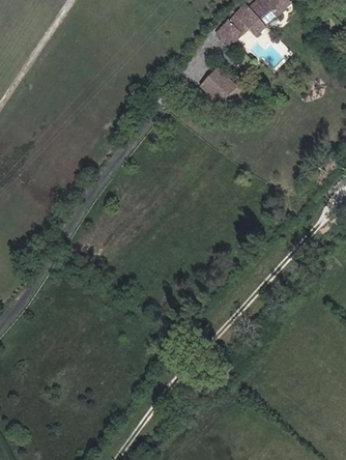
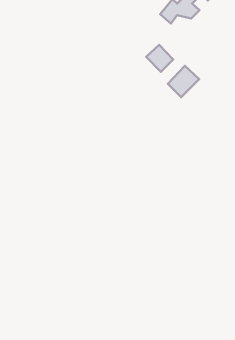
building: none -> [168,66,199,97]

